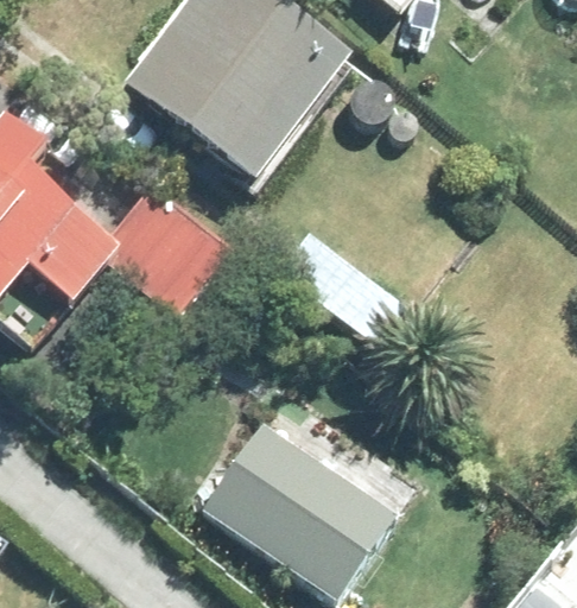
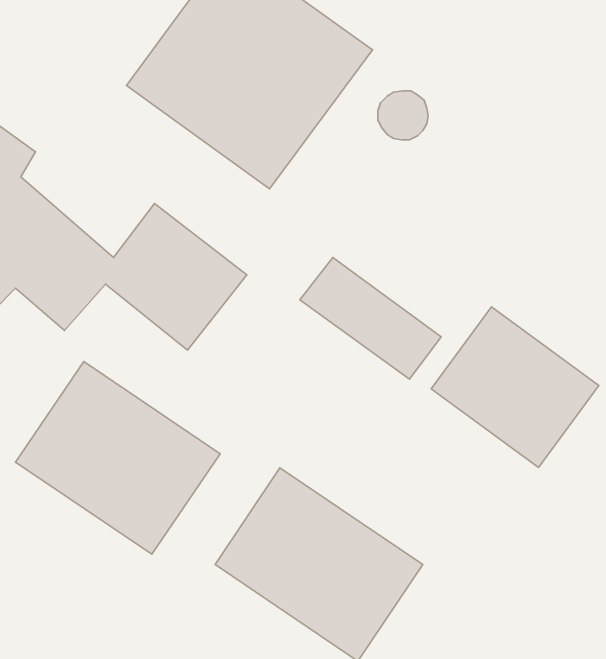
building: none -> [431,307,599,468]
building: none -> [16,362,220,554]

